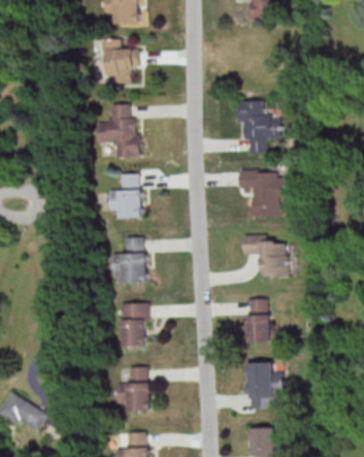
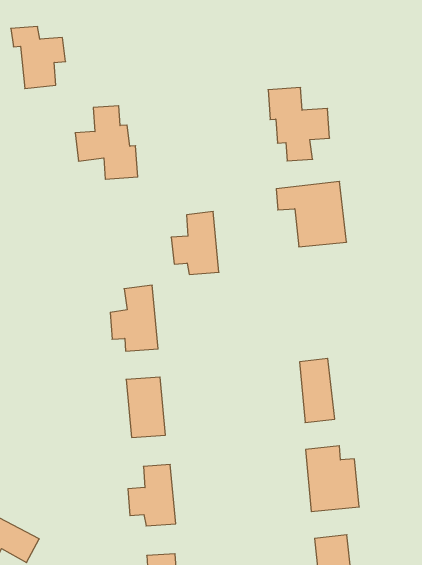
building: [100,39,138,84] -> [11,27,66,89]
building: [108,173,141,218] -> [171,212,219,274]
building: [242,234,288,276] -> none

